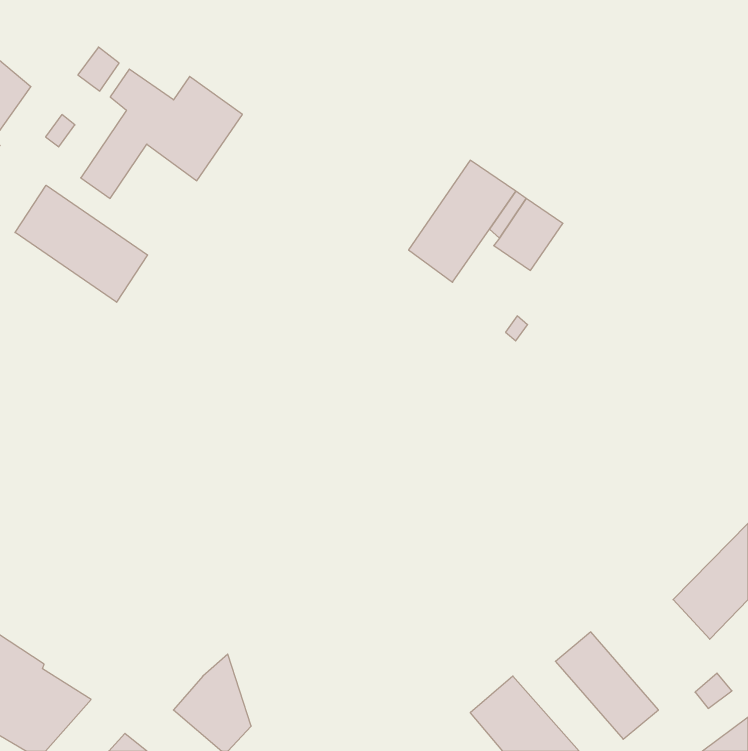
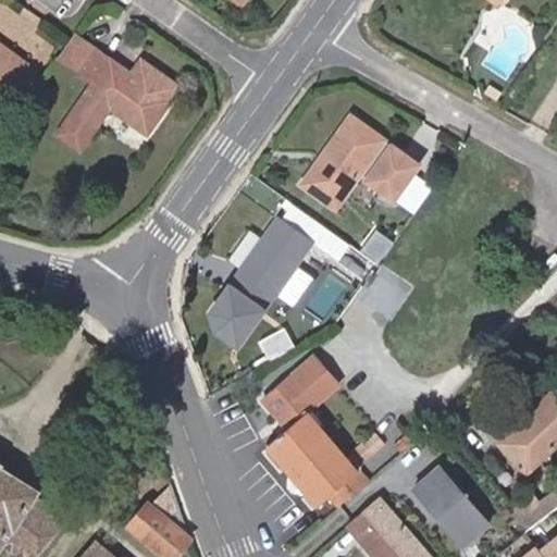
building: [15,185,148,302] -> none
building: none -> [210,203,321,346]
building: none -> [263,358,364,507]

